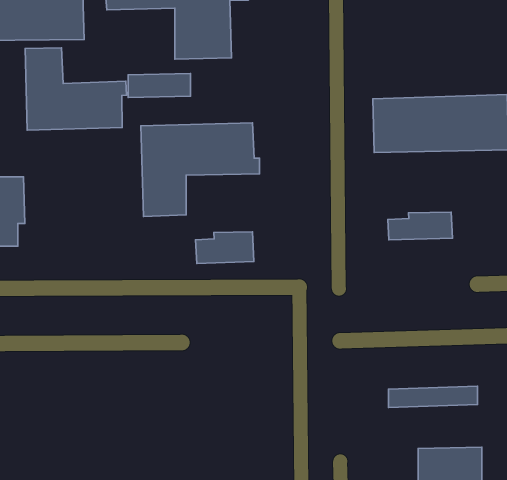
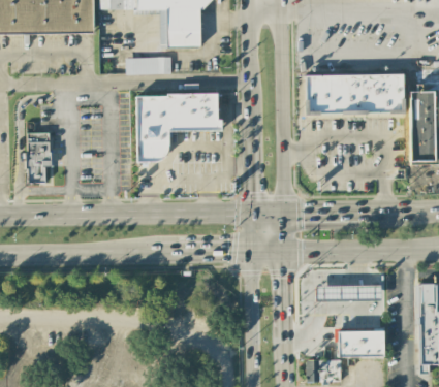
building: [25,48,127,130] -> none
building: [388,212,453,240] -> none
building: [196,232,254,263] -> none

